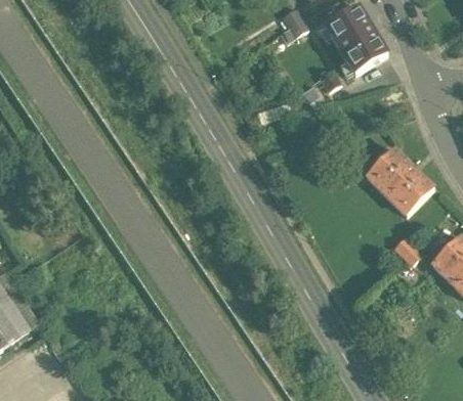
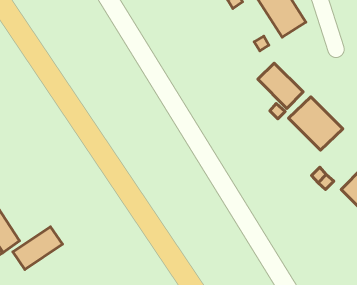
building: none -> [258,63,303,108]
building: none -> [13,227,63,269]

